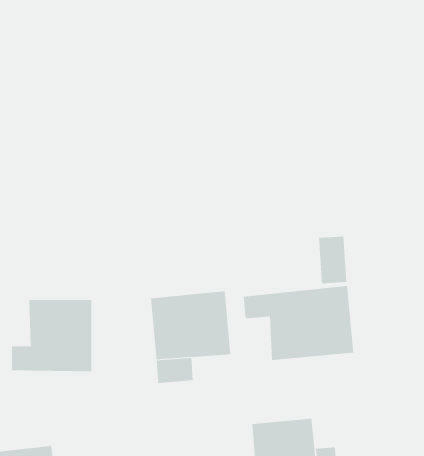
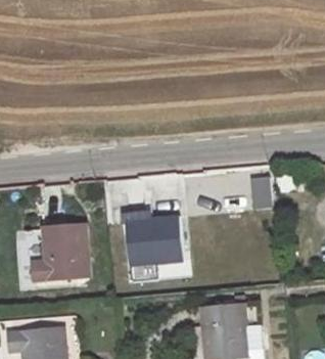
building: [243,285,354,361] -> none

